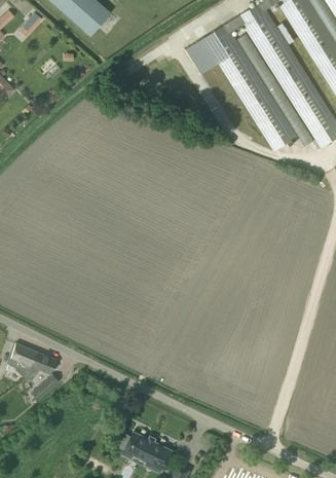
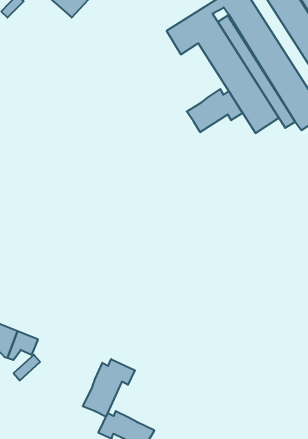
building: none -> [187,89,243,132]
building: none -> [83,359,135,417]

